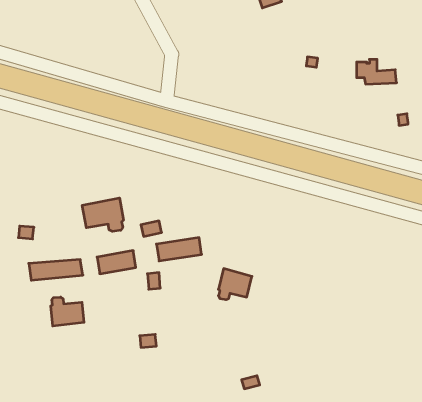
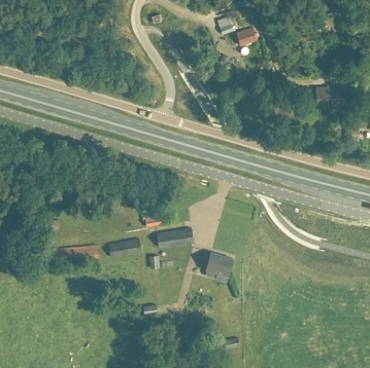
building: [82,198,123,231] -> none
building: [51,297,84,326] -> none

